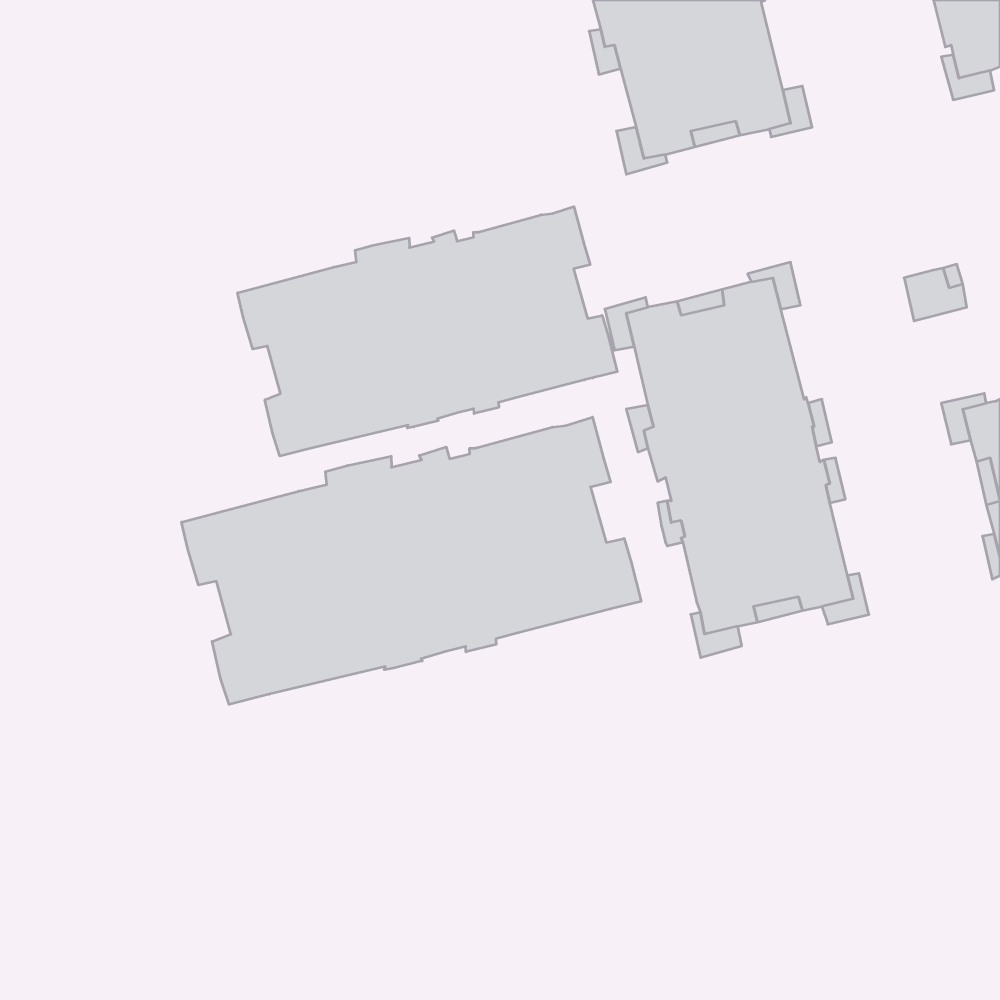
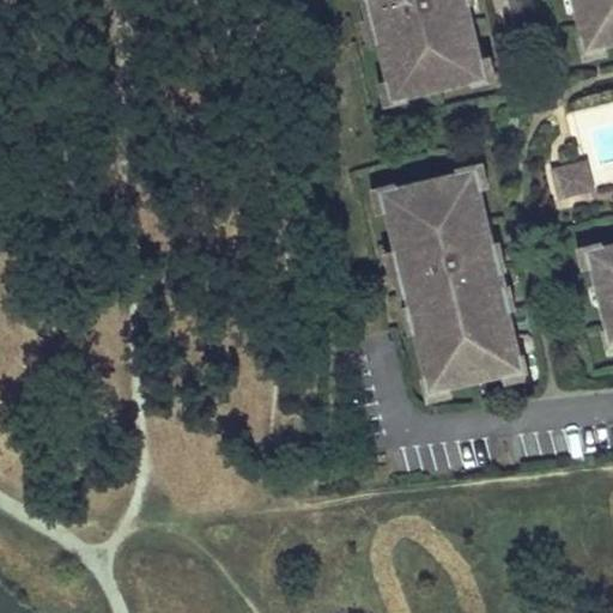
building: [238,207,617,456] -> none
building: [182,417,641,704] -> none

